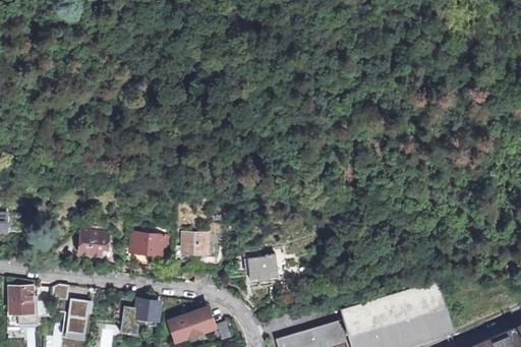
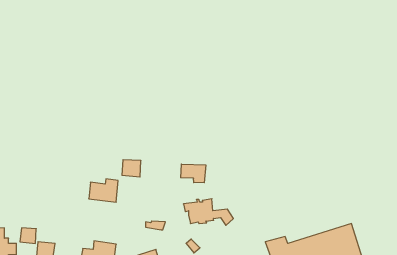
building: none -> [181,164,206,183]
building: [78,224,115,255] -> none
building: [183,232,206,252] -> [122,160,141,177]

